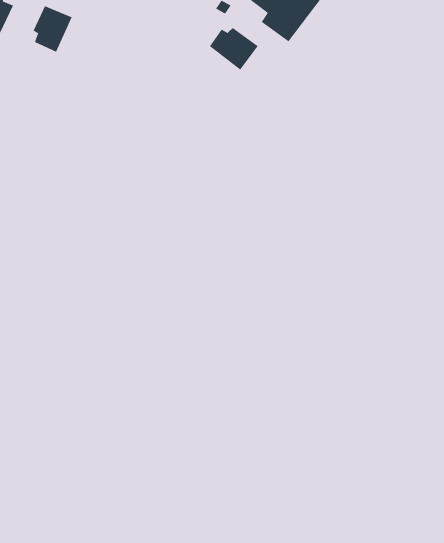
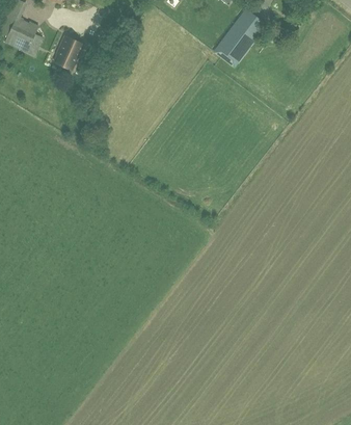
building: [209,27,258,70] -> none

